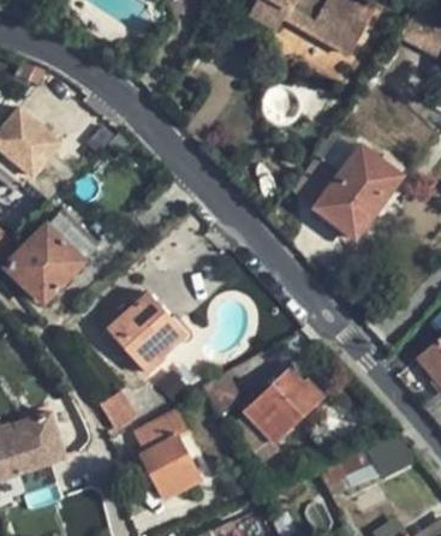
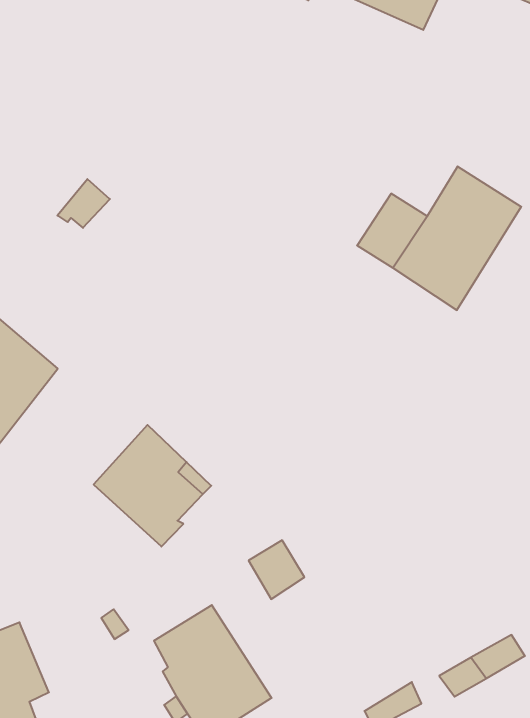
building: [237,367,323,460] -> none

